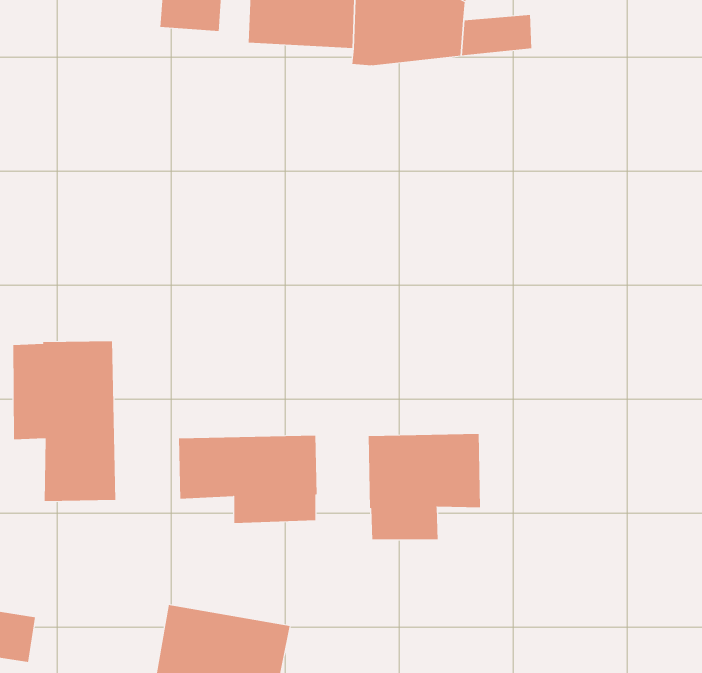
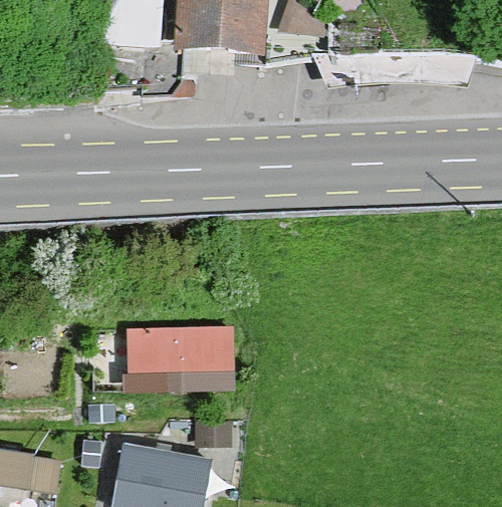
building: [13,340,116,502] -> none
building: [368,433,481,540] -> none

